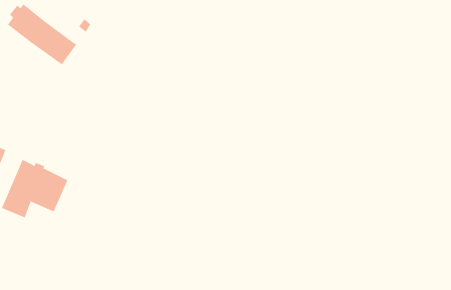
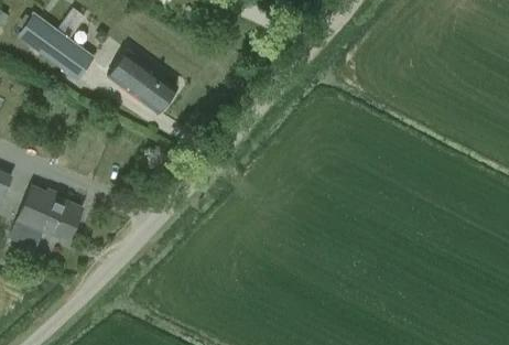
building: none -> [106,51,175,114]

